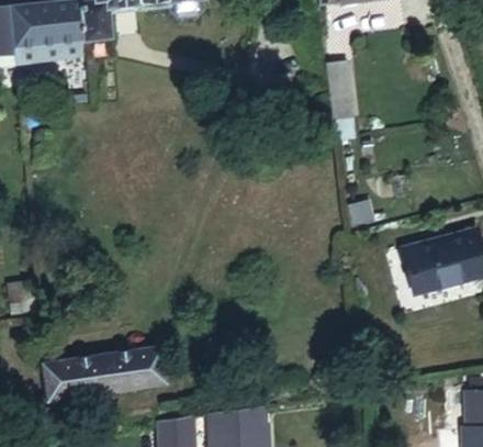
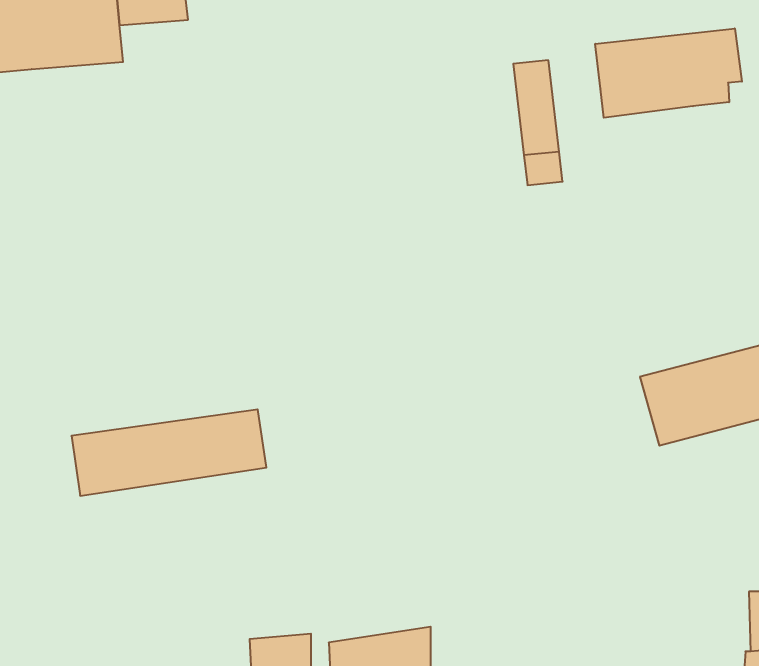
building: none -> [595,28,742,118]
building: [47,345,169,399] -> [71,409,266,496]

